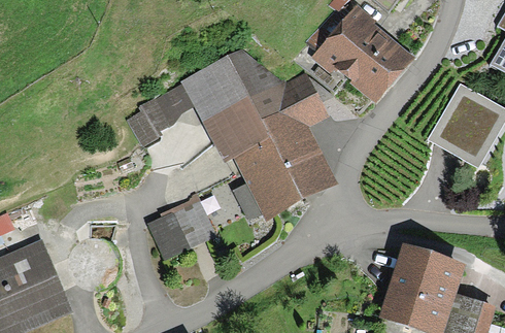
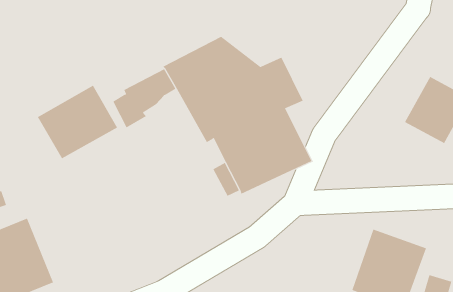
building: [313,18,400,100] -> none
building: none -> [37,85,118,159]
building: [148,199,215,256] -> none

